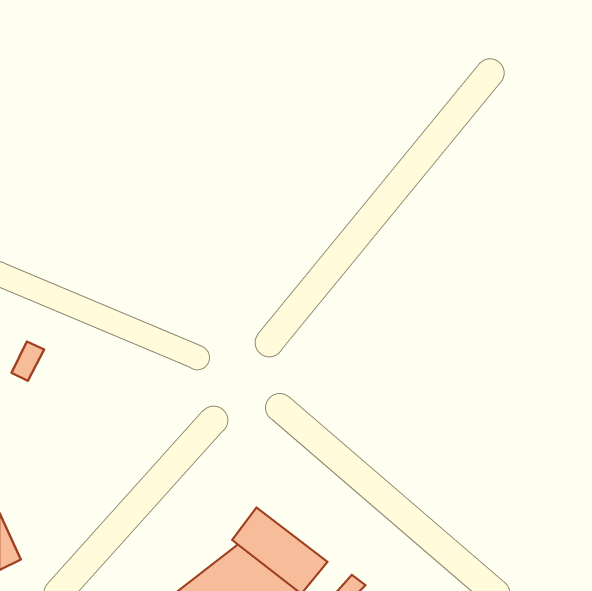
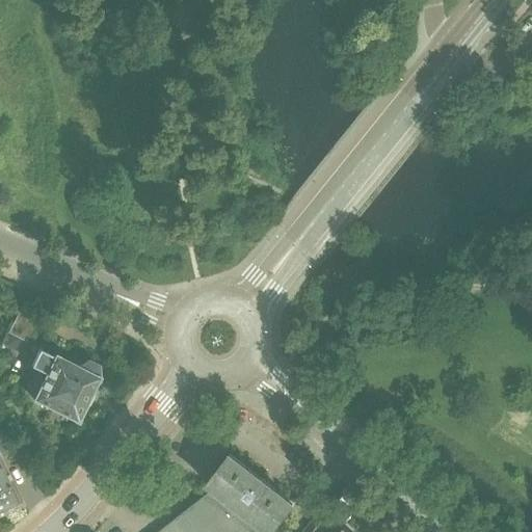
building: none -> [24,351,98,421]

